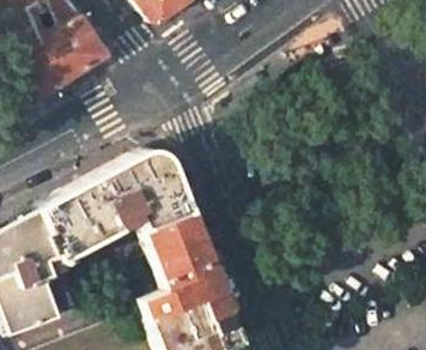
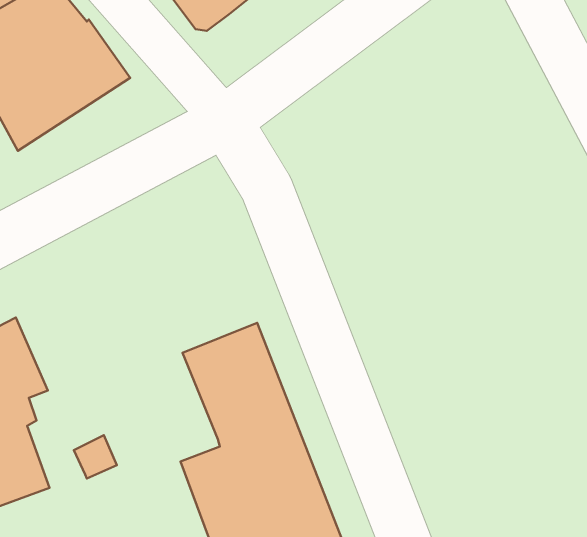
building: [35,151,189,260] -> none

